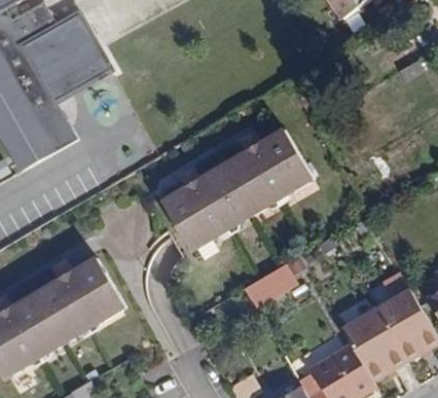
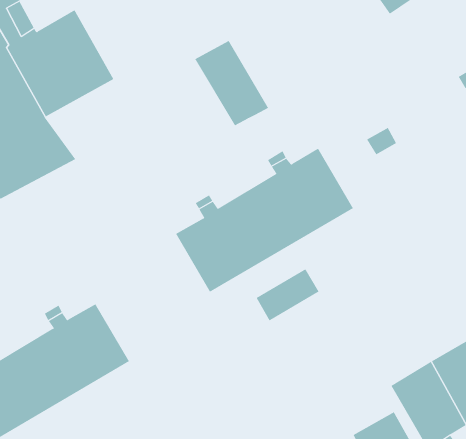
building: none -> [194,40,269,126]
building: [242,262,295,306] -> [256,268,319,321]

